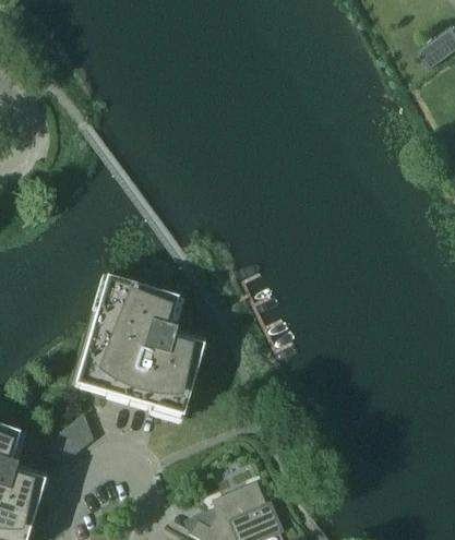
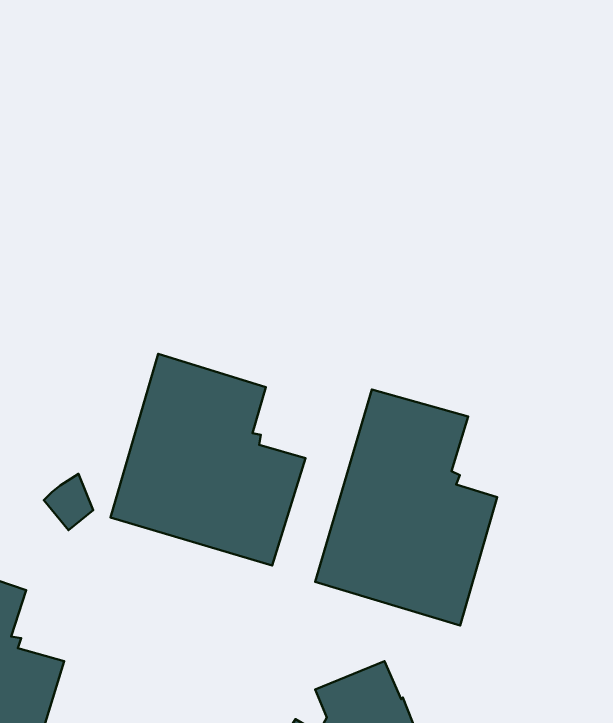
building: none -> [315,390,497,625]
building: [61,413,94,451] -> [44,474,93,530]

